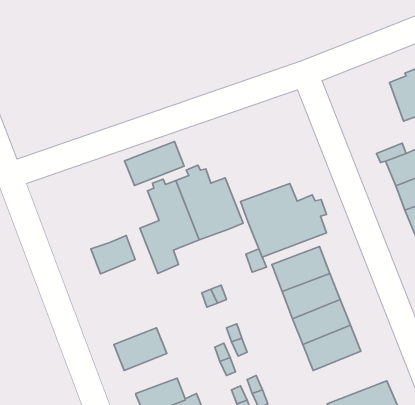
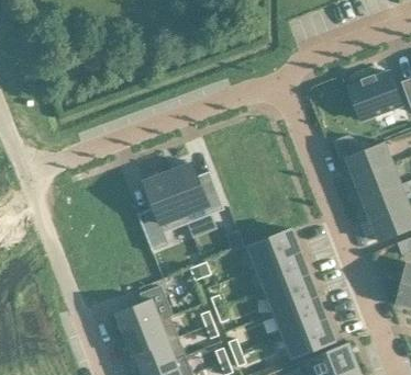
building: [125,141,184,186] -> none
building: [241,183,327,257] -> none
building: [91,236,135,274] -> none
building: none -> [285,318,334,357]
building: none -> [124,320,169,356]

